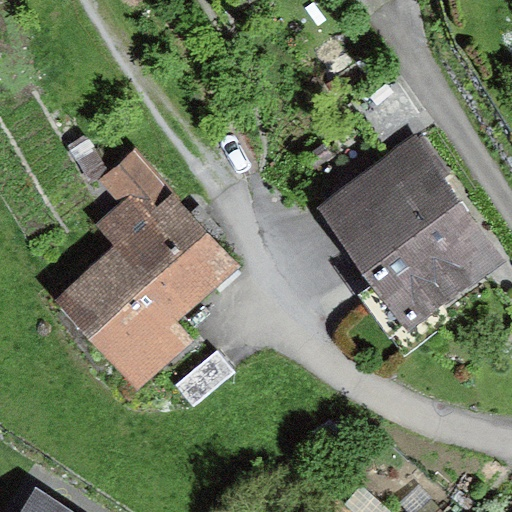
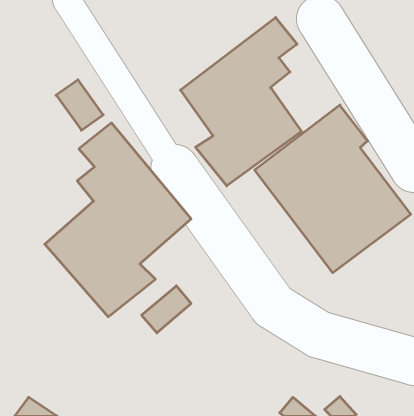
building: none -> [180,17,301,186]

